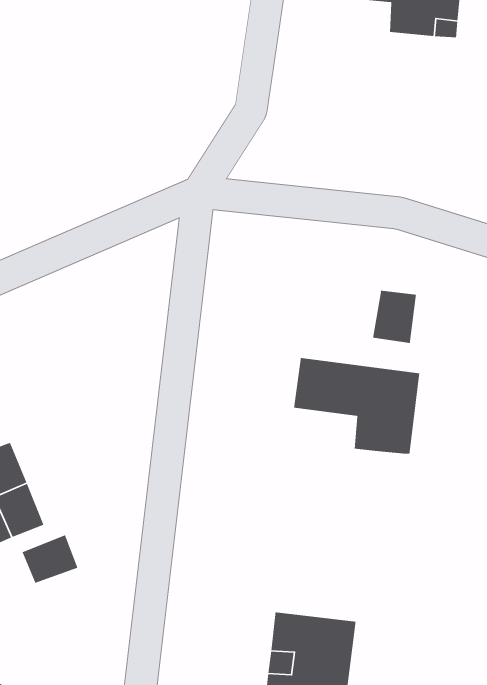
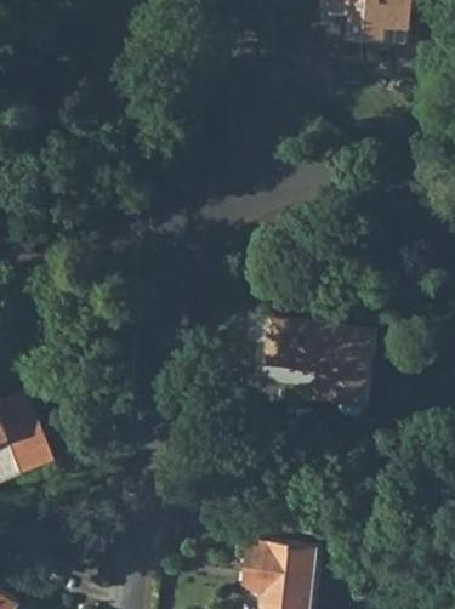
building: [372,290,417,344] -> none
building: [22,534,79,584] -> none

